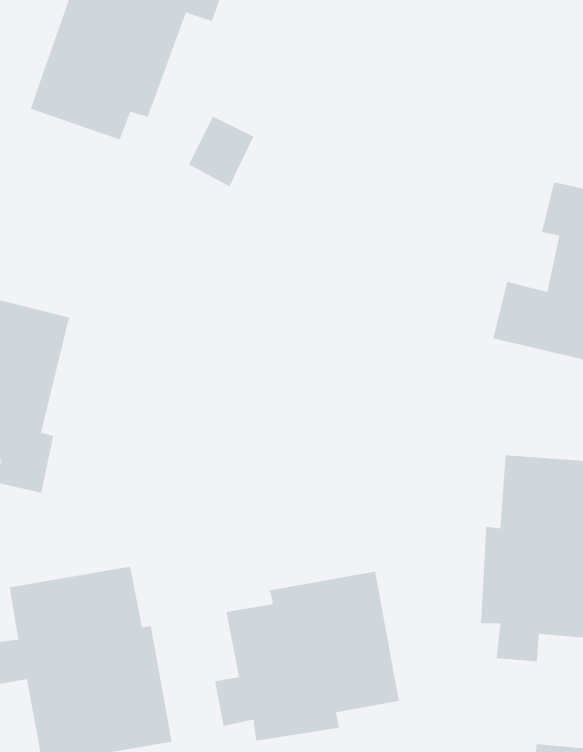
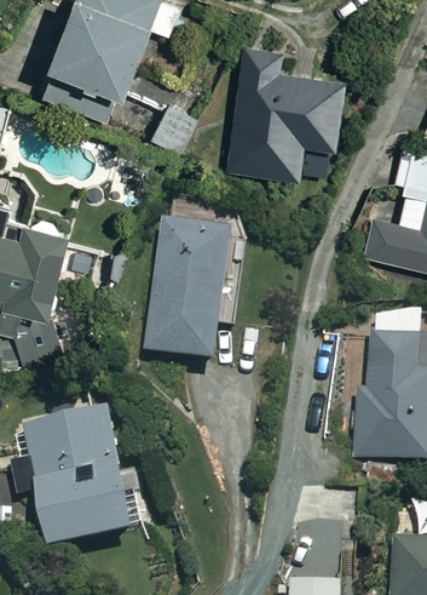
building: none -> [225,45,350,182]
building: none -> [145,223,235,362]
building: [215,571,399,742] -> none

